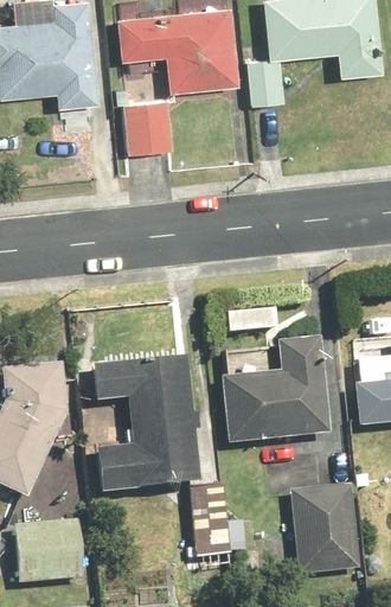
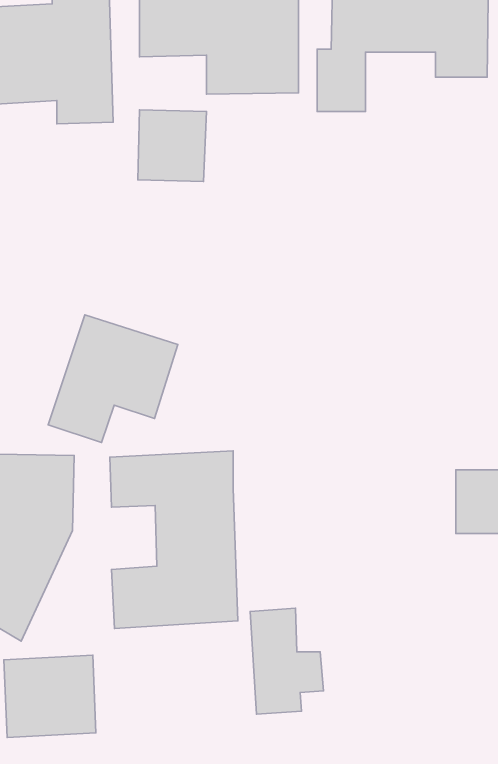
building: none -> [48,315,178,443]
building: [219,364,325,439] -> none
building: [291,485,360,573] -> none

